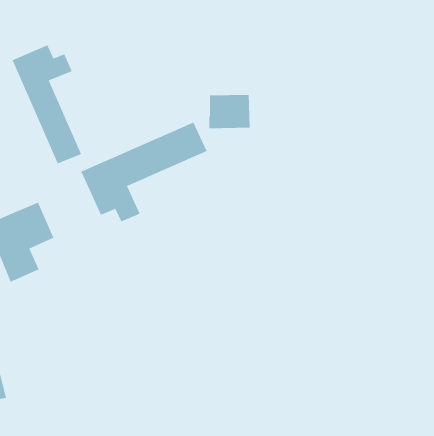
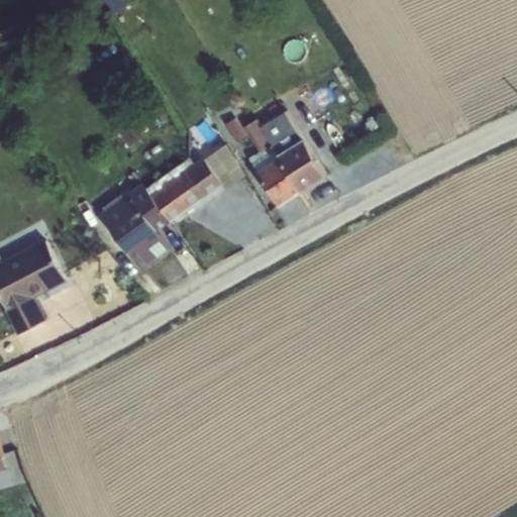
building: [12,45,82,164] -> none
building: none -> [252,141,325,207]

